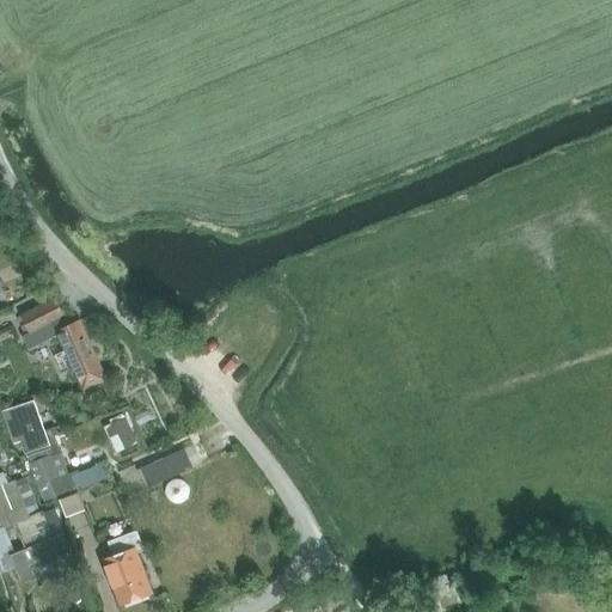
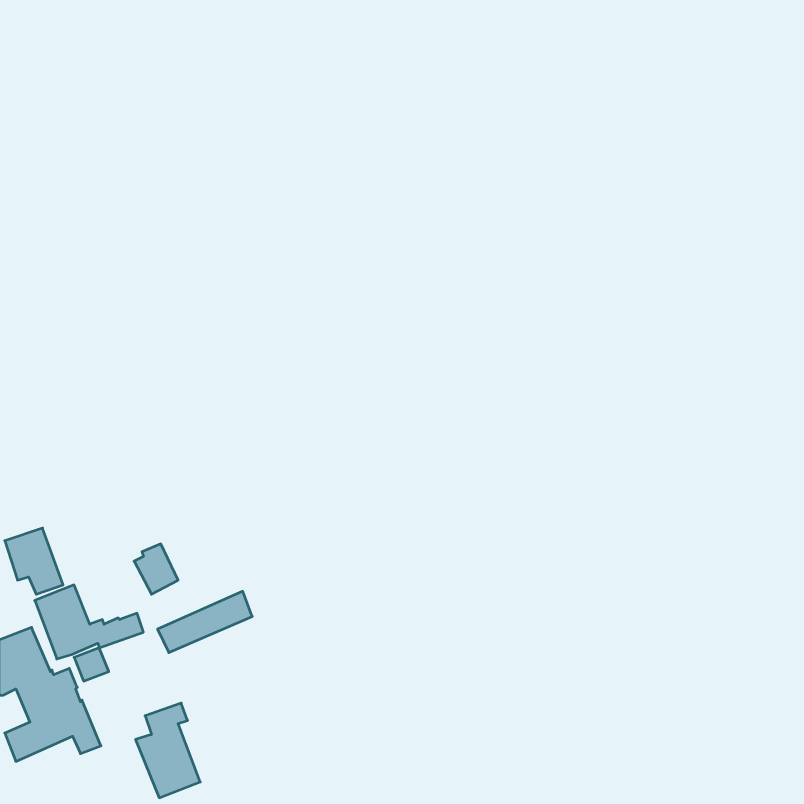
building: [19,299,105,388] -> none

